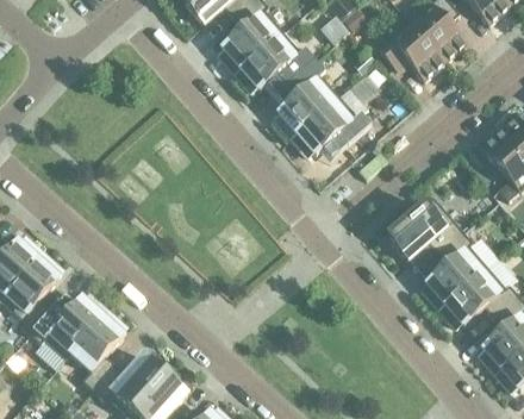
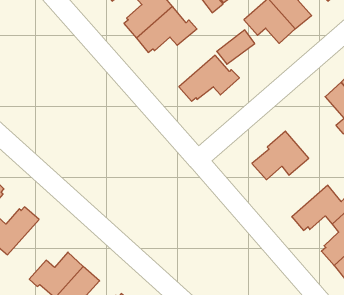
building: [273,60,337,136] -> none
building: [422,230,486,307] -> none
building: [63,311,123,389] -> none

